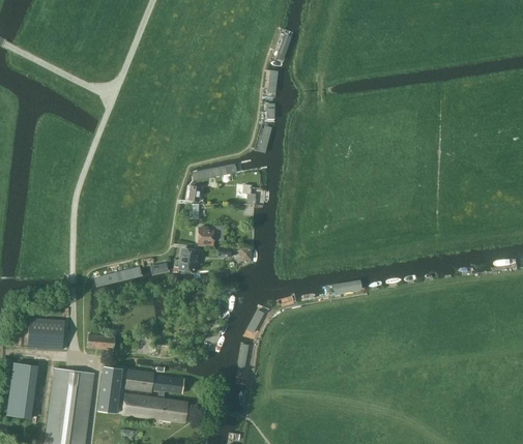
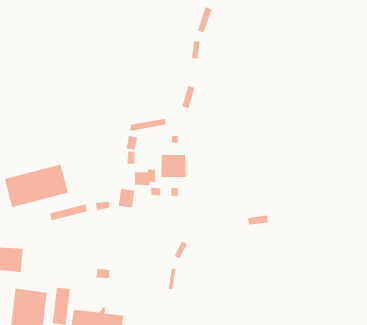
building: none -> [161,154,186,178]
building: none -> [4,164,69,208]
building: [87,333,115,350] -> none
building: [125,368,182,392] -> none

